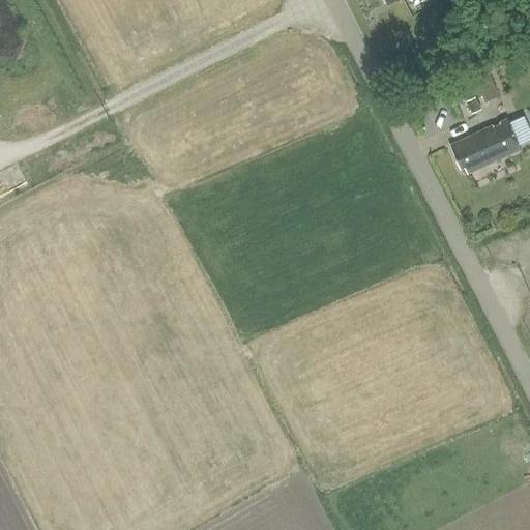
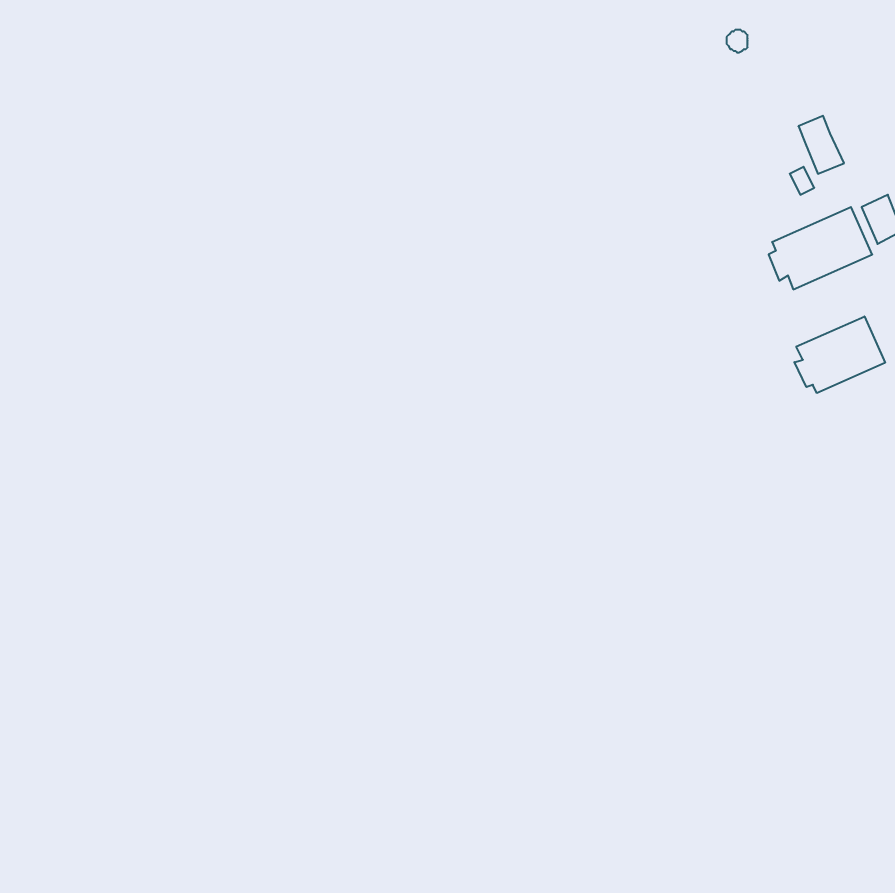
building: none -> [794,316,885,393]

